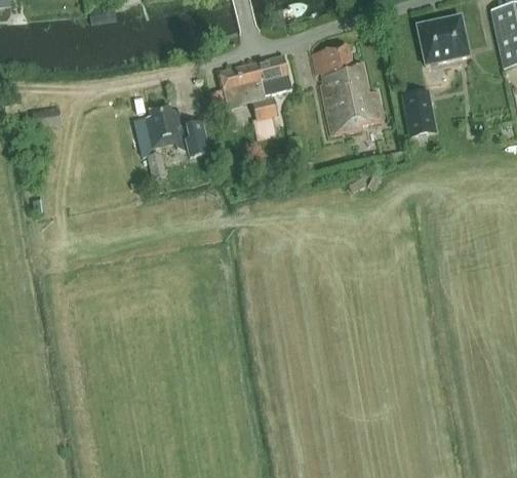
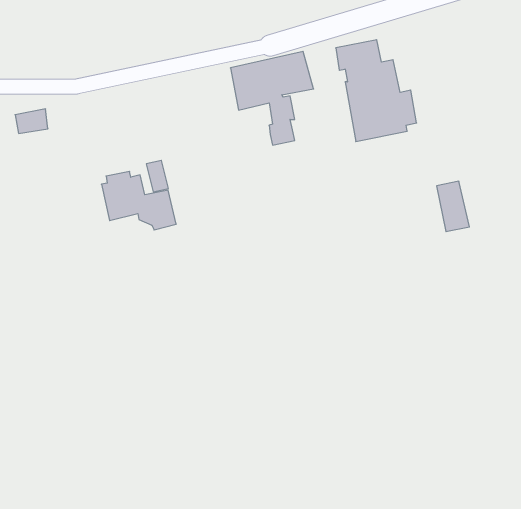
building: [416,17,469,66] -> none
building: [403,87,432,131] -> [437,181,469,232]
building: [145,105,210,156] -> [101,171,176,230]

